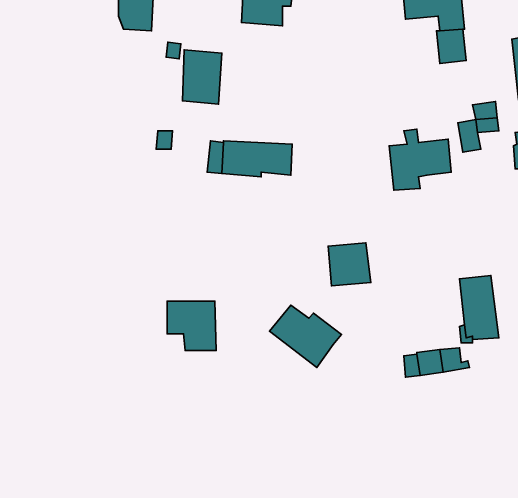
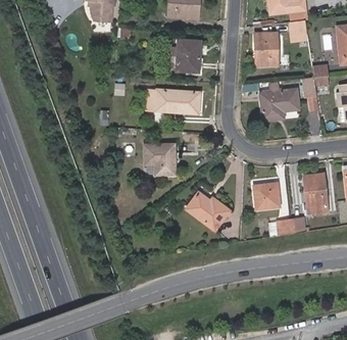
building: none -> [254,33,278,65]
building: [182,50,222,104] -> [176,39,200,72]
building: [328,243,371,286] -> [253,183,280,209]
building: [167,301,216,350] -> [144,144,175,175]

